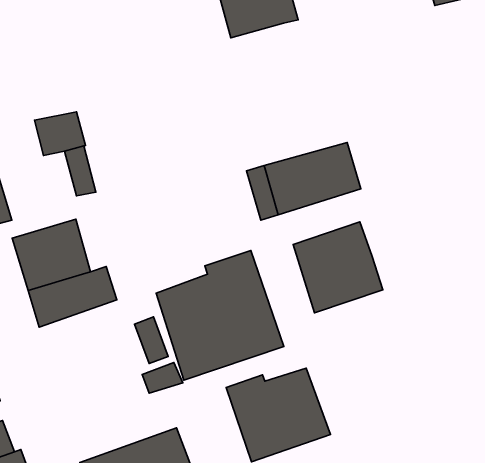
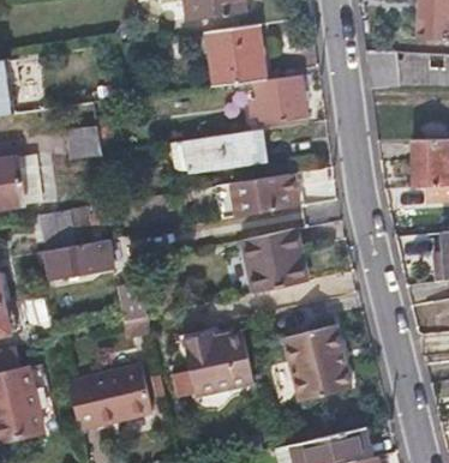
building: none -> [256,73,307,120]
building: none -> [182,127,267,169]
building: [156,250,284,380] -> none
building: none -> [285,325,351,401]

